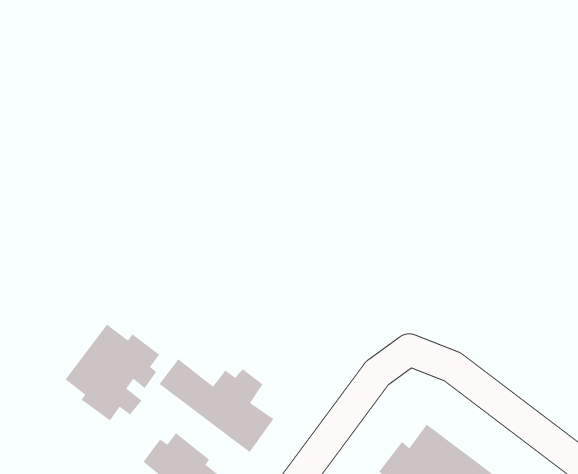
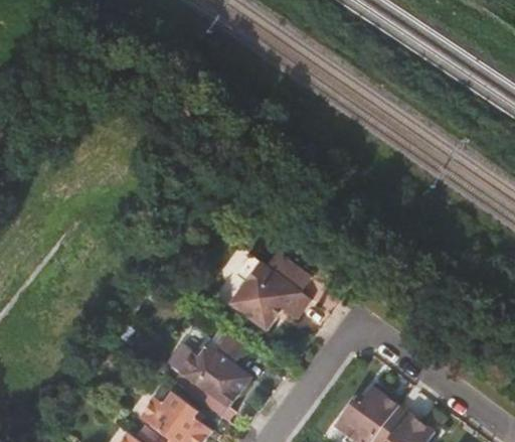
building: none -> [231,251,313,329]
building: [64,323,160,422] -> none

